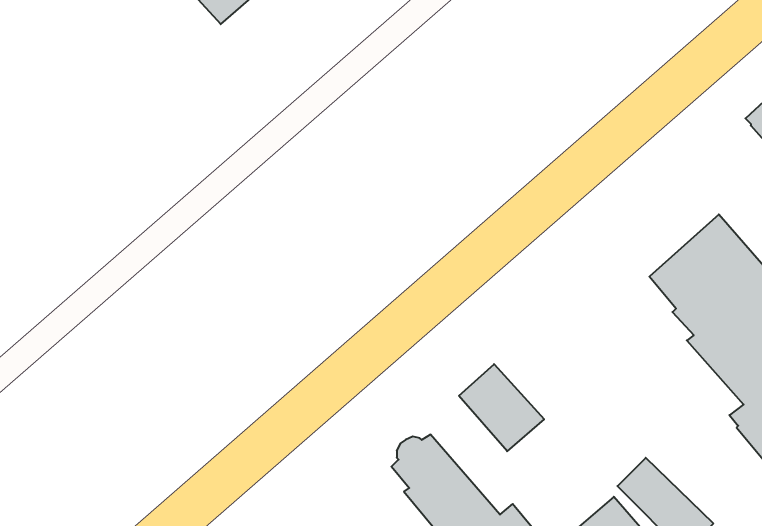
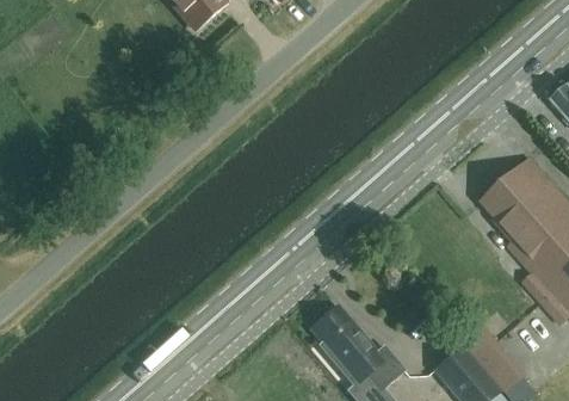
building: [459,364,544,451] -> none

